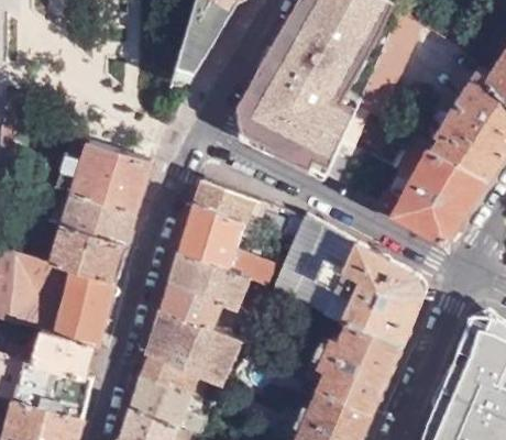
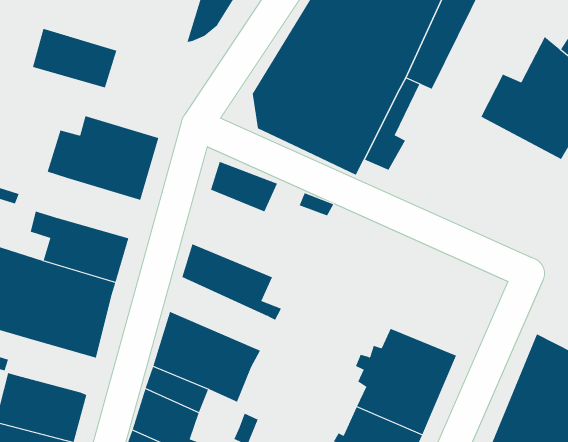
building: [378,138,491,239] -> none
building: [65,193,136,243] -> [32,28,117,88]
building: [179,202,273,284] -> none
building: [272,215,425,342] -> none
building: [161,276,243,336] -> none
building: [32,328,95,373] -> none

